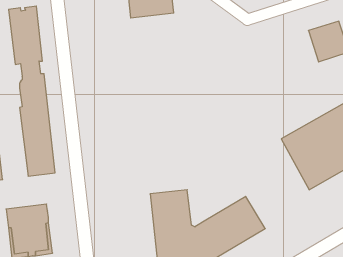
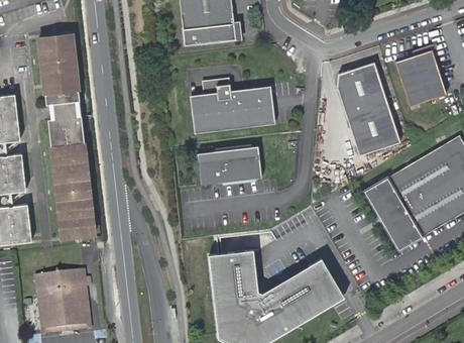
building: none -> [337,63,400,155]
building: none -> [189,78,273,133]
building: none -> [195,146,260,185]

